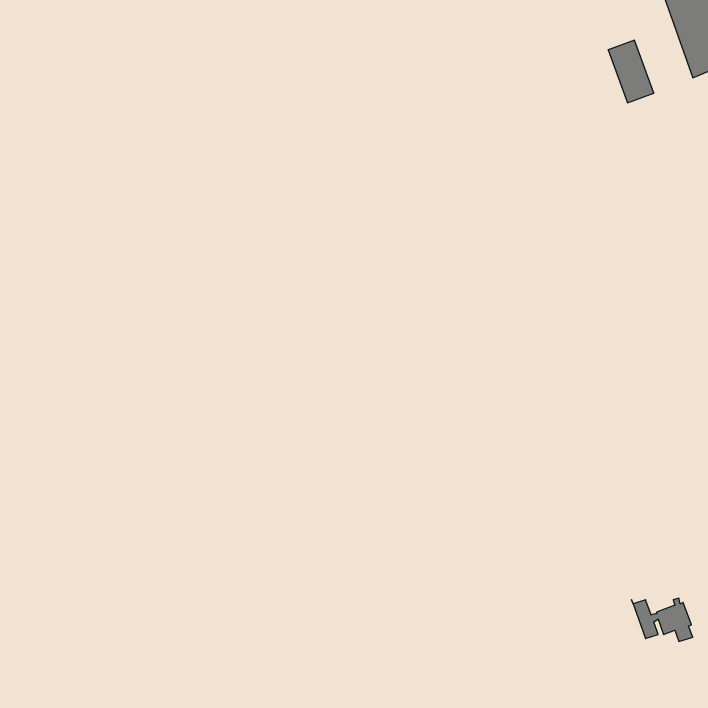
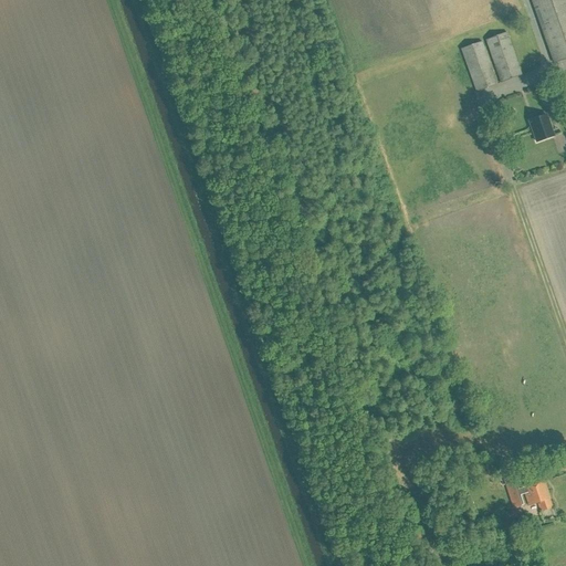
building: none -> [461,40,499,91]
building: none -> [528,113,555,143]

